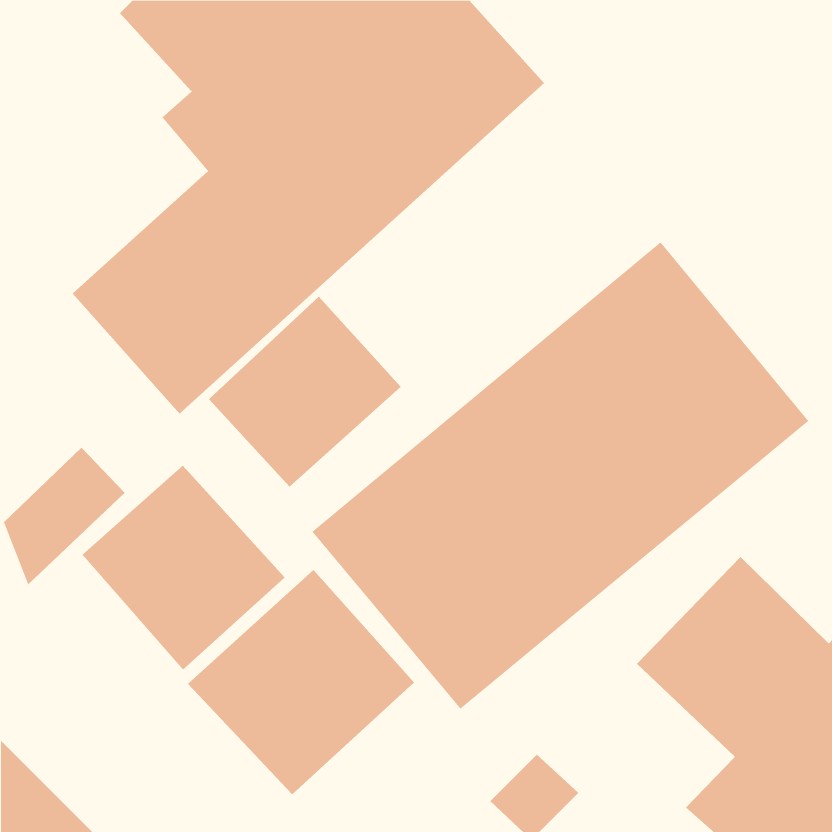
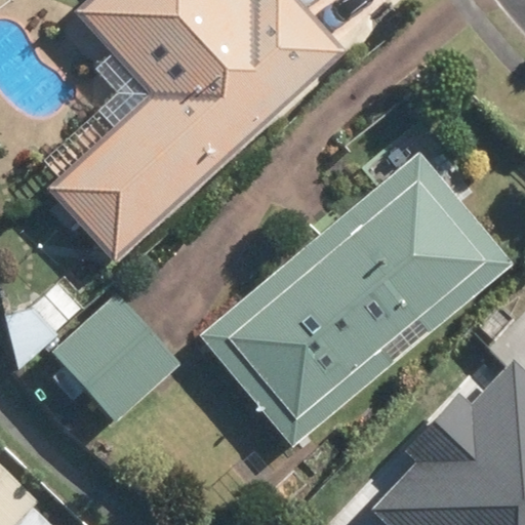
building: [208,296,401,487] -> none
building: [187,569,415,795] -> none

